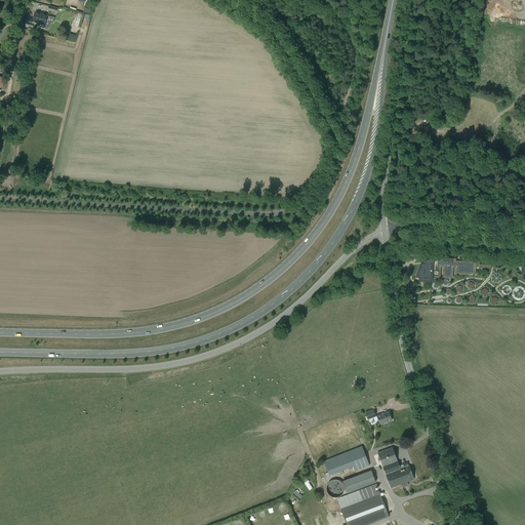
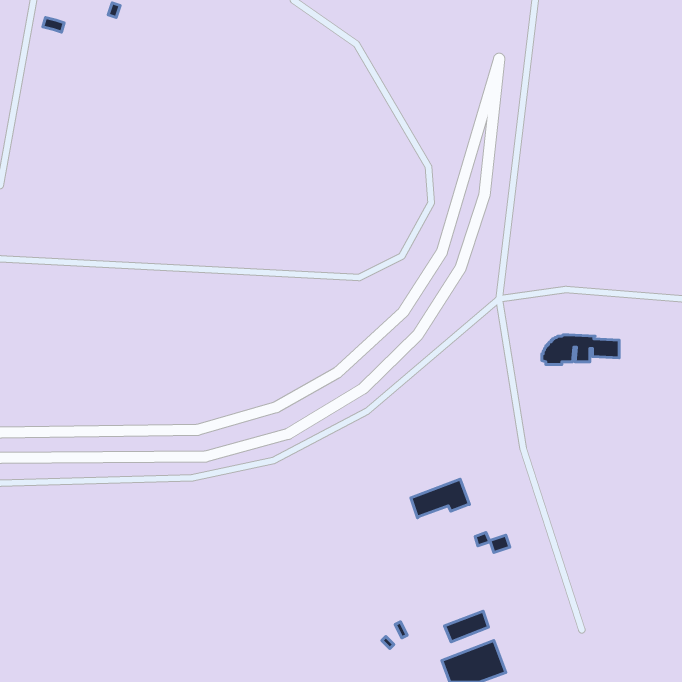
building: [324,446,369,476] -> [411,479,469,518]
building: [377,447,413,488] -> none

